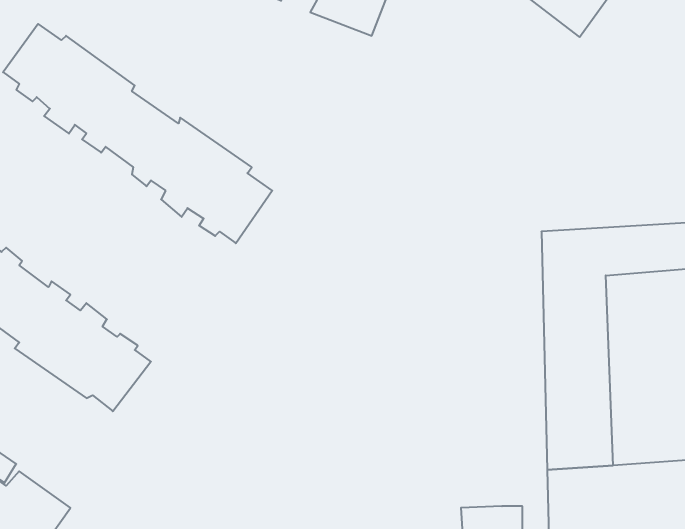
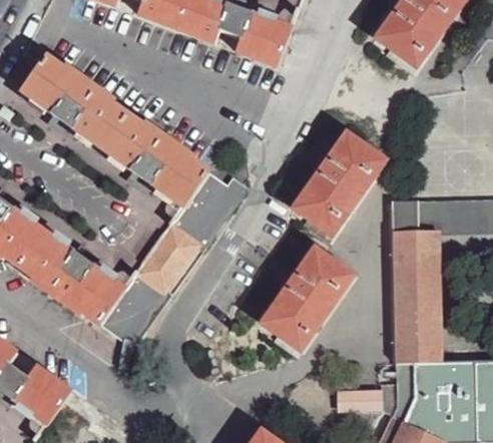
building: none -> [295,132,386,236]
building: none -> [98,171,236,336]
building: none -> [263,248,354,351]

